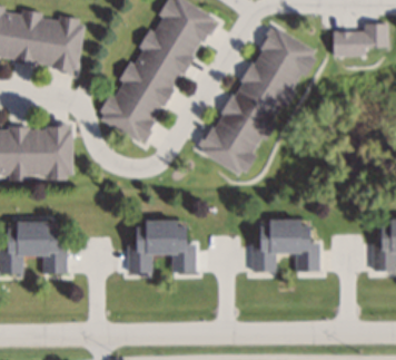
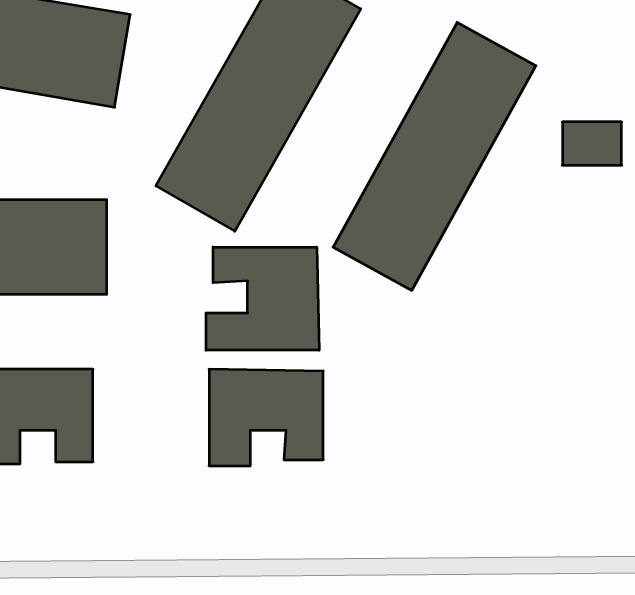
building: [331,31,365,56] -> [562,122,622,165]
building: none -> [206,247,319,350]
building: [255,221,316,274] -> none

